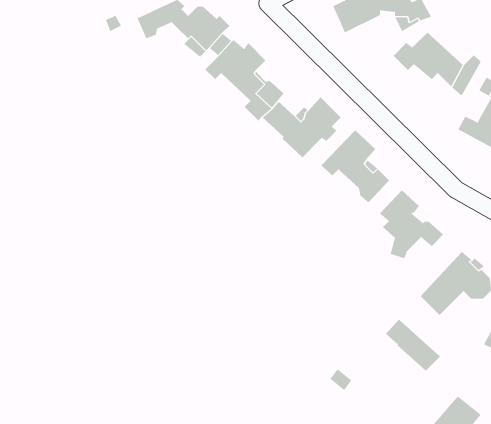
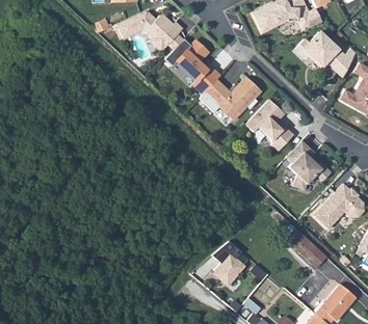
building: none -> [213,241,249,286]

